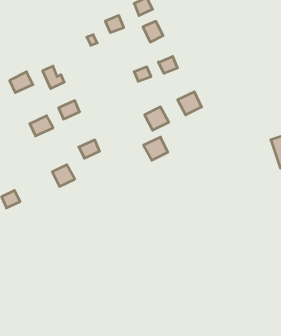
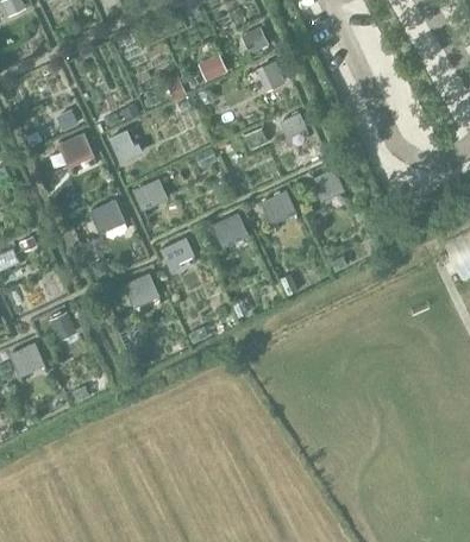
building: [144,137,168,160] -> [212,213,247,247]

